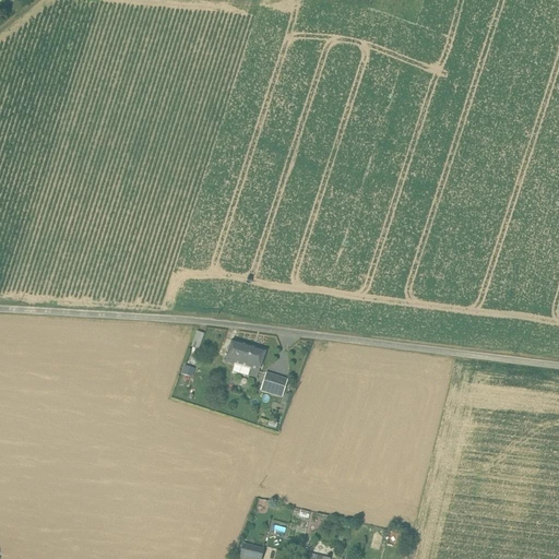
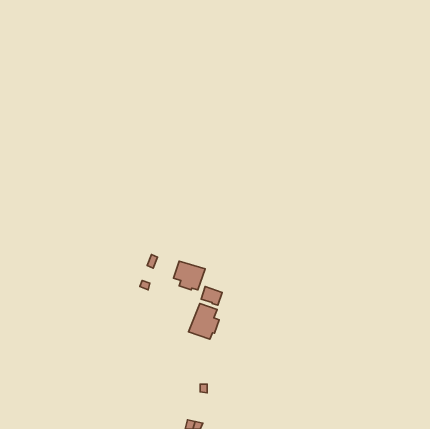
building: none -> [188,304,219,339]

